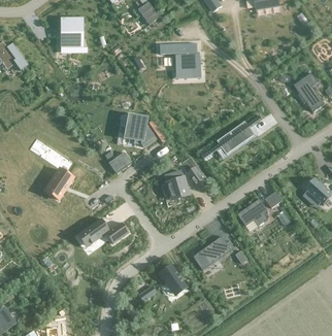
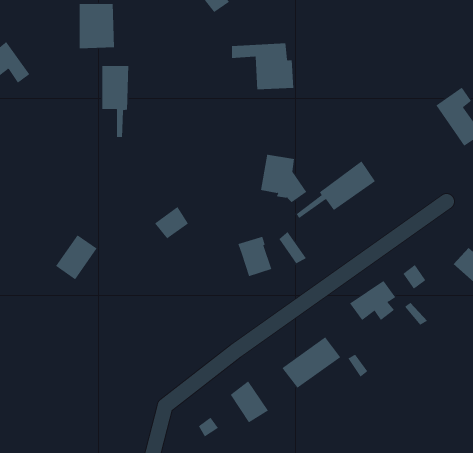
building: none -> [102,65,129,138]
building: [124,114,155,146] -> [260,154,307,203]
building: [79,217,129,245] -> none

